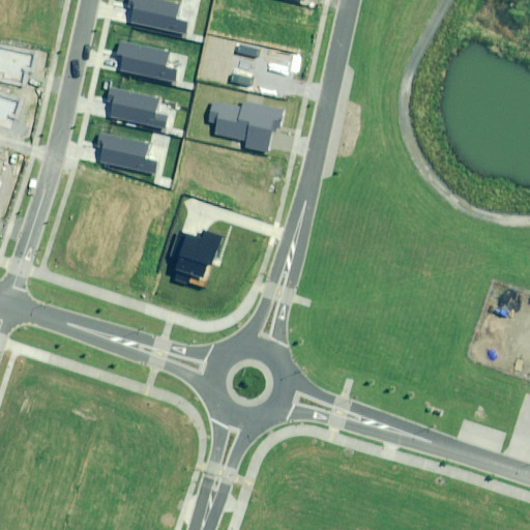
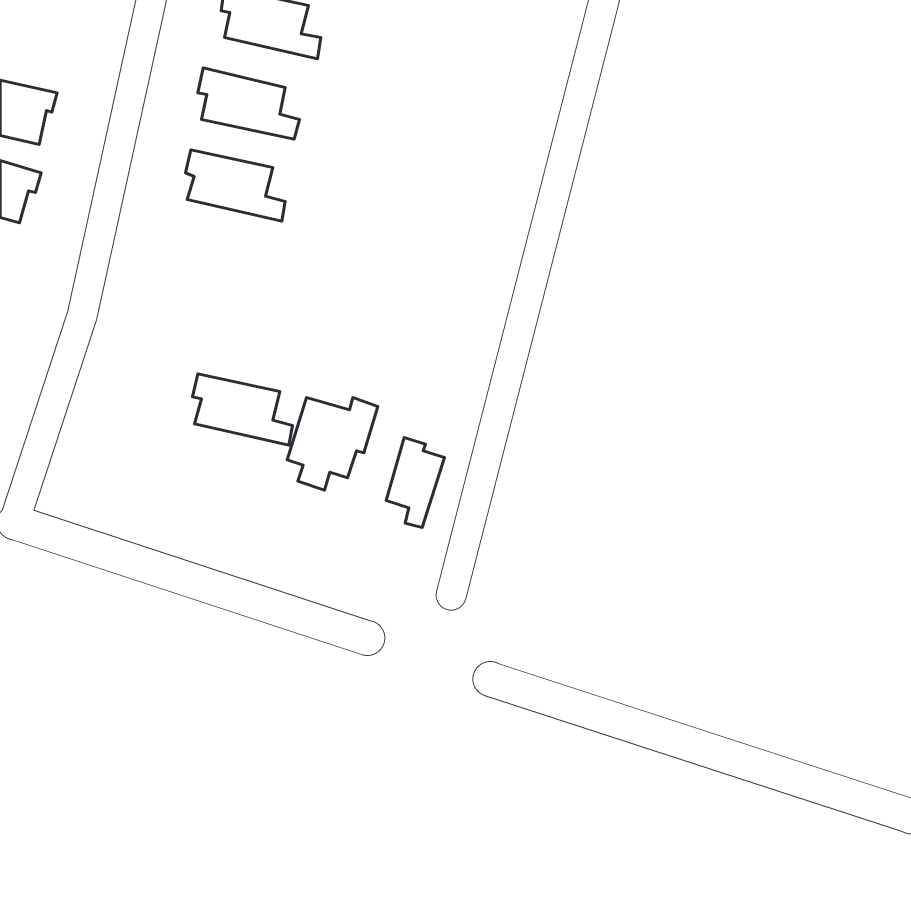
building: [209,101,283,151] -> none
building: [98,132,156,174] -> [193,374,292,445]
building: none -> [386,437,444,528]

